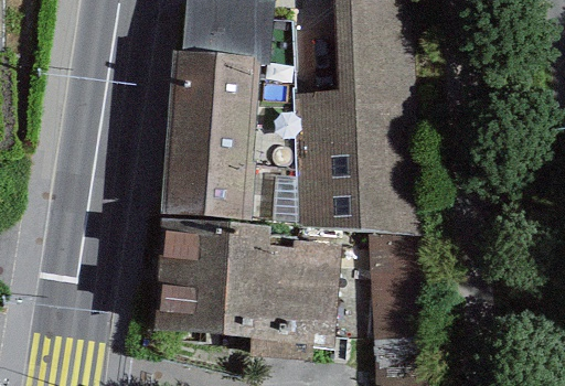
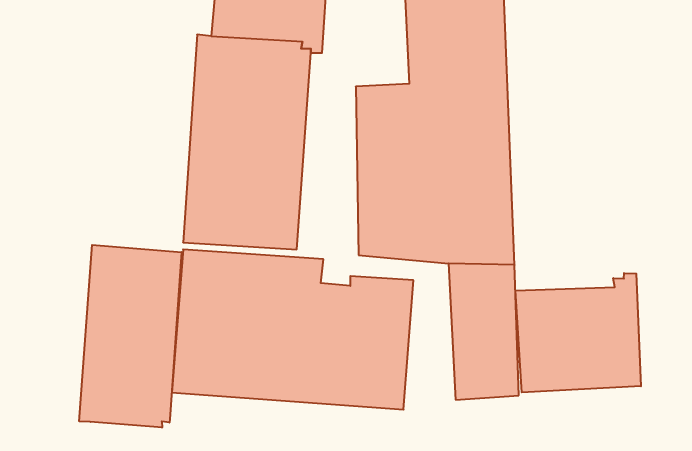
building: none -> [79,245,182,428]
building: none -> [515,273,641,392]

